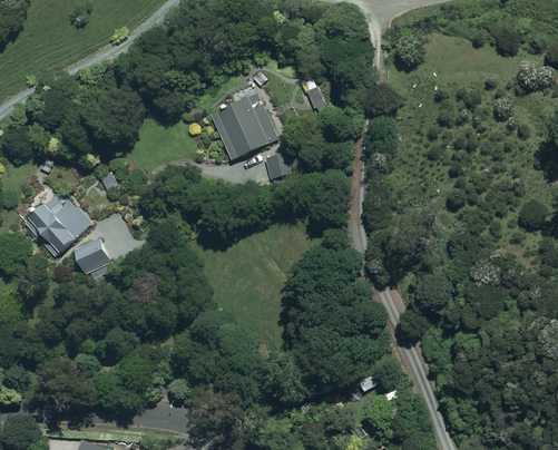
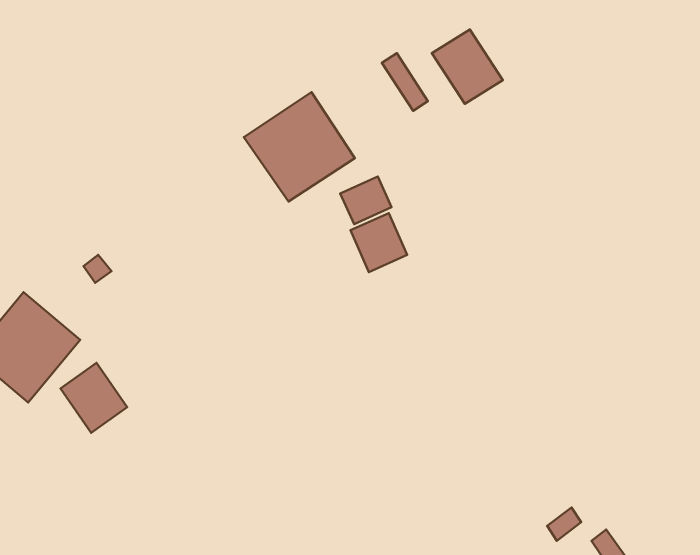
building: none -> [432,29,503,104]
building: none -> [351,213,407,272]

